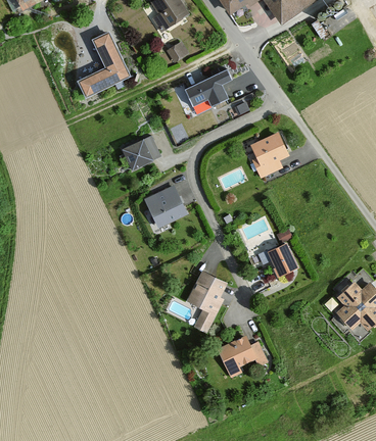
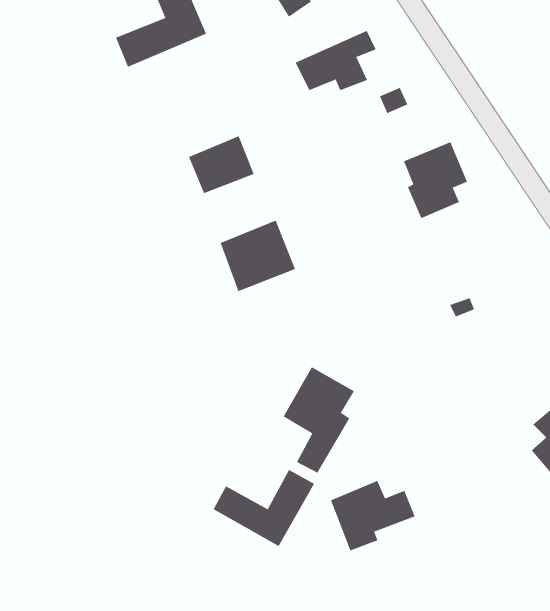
building: [266,241,298,276] -> none
building: none -> [213,469,315,547]

